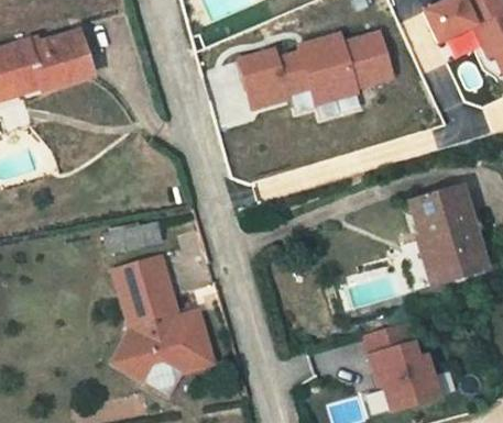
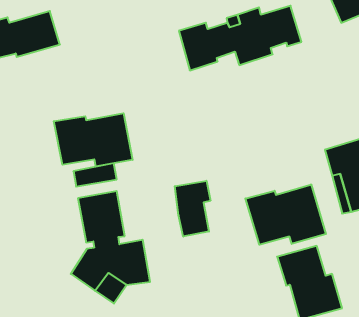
building: none -> [54,113,133,166]
building: none -> [175,181,210,237]
building: none -> [245,184,326,245]

